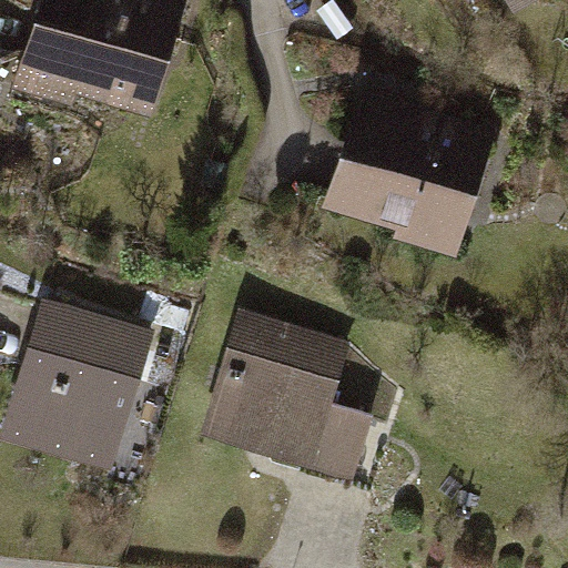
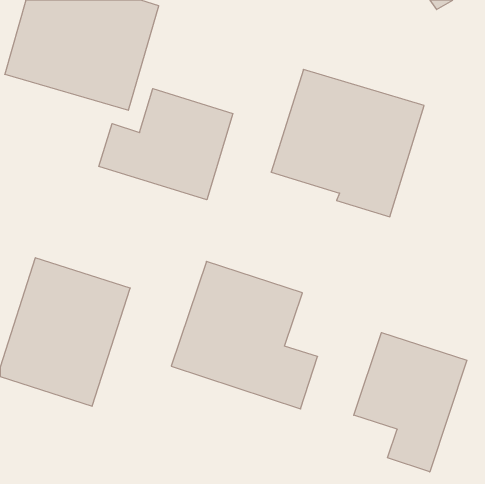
building: none -> [99,89,233,200]
building: none -> [354,333,467,472]

